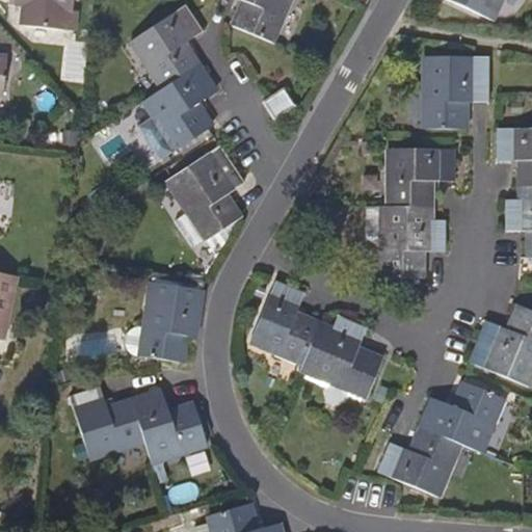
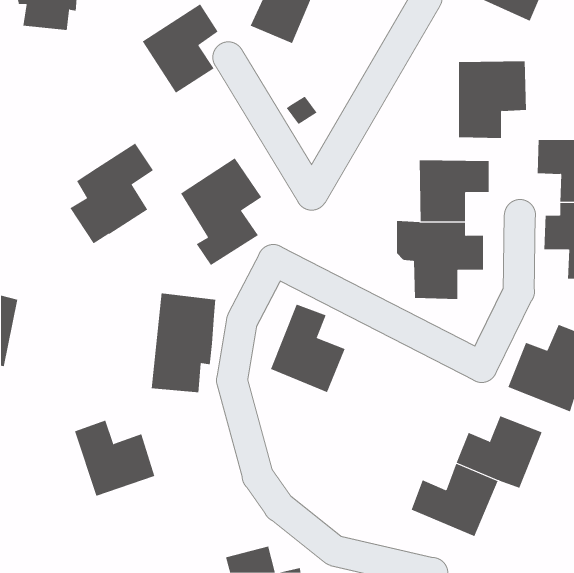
building: [138,63,216,157] -> [69,143,154,244]
building: [301,314,381,404] -> none
building: [132,392,207,462] -> none

